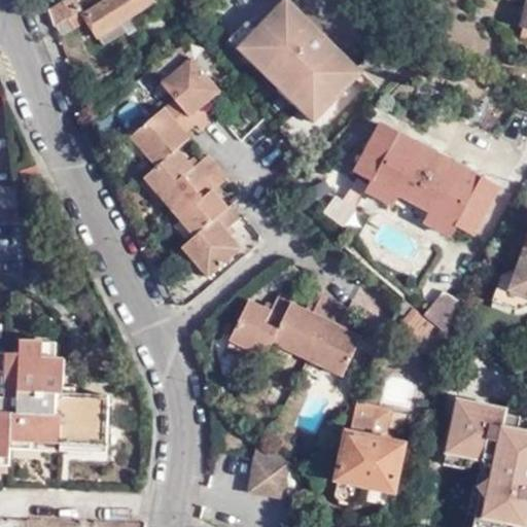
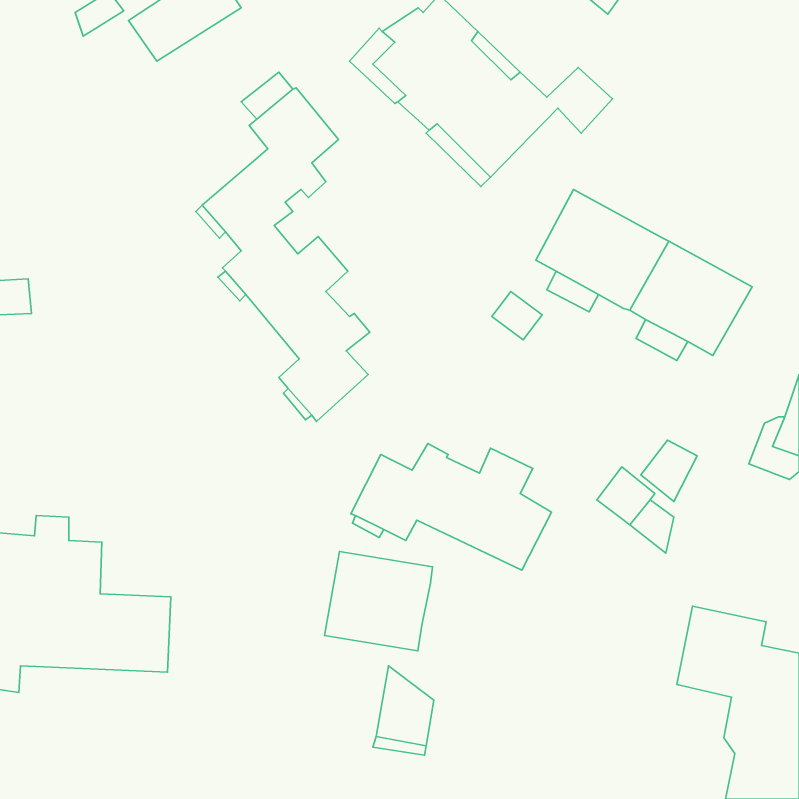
building: none -> [325,552,433,651]
building: [330,402,401,504] -> none

